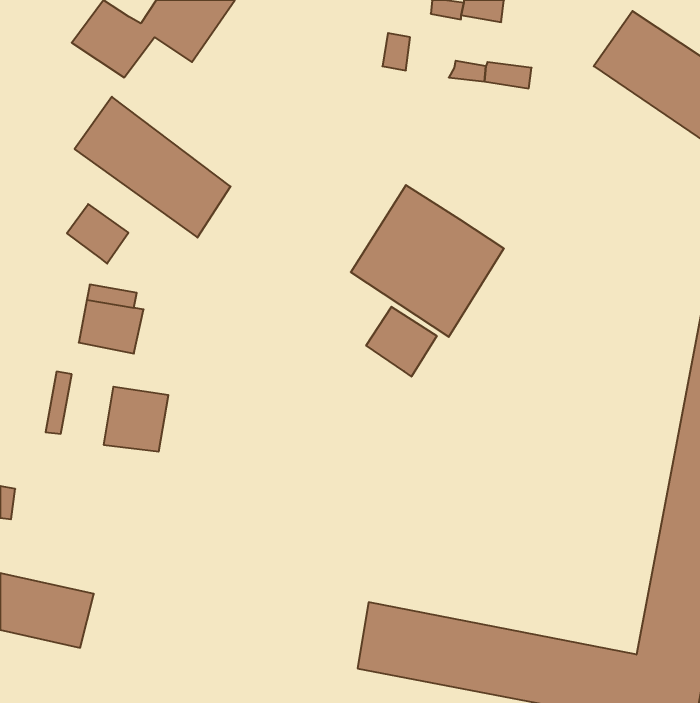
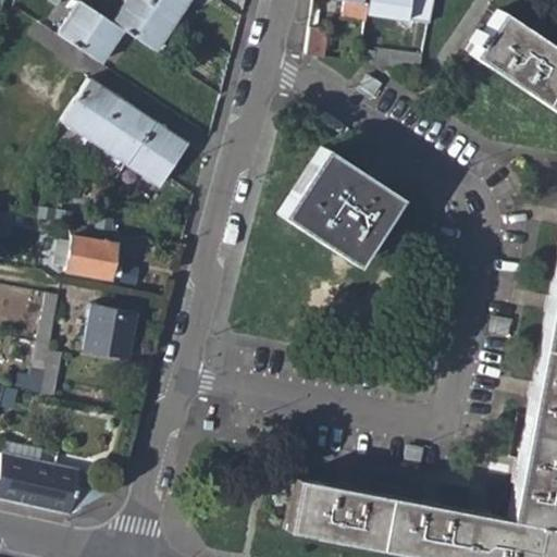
building: [67,204,128,264] -> none
building: [366,307,437,377] -> none
building: none -> [26,347,69,394]

